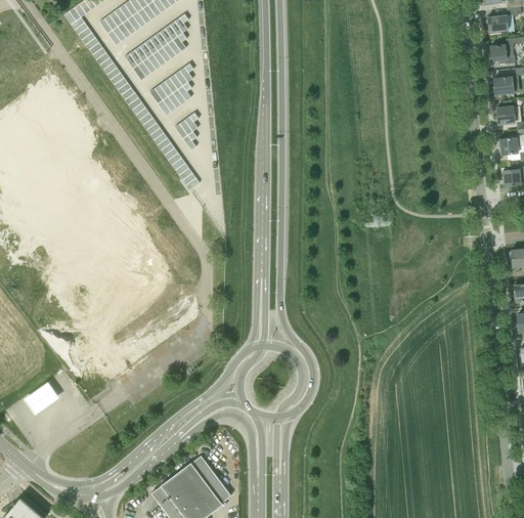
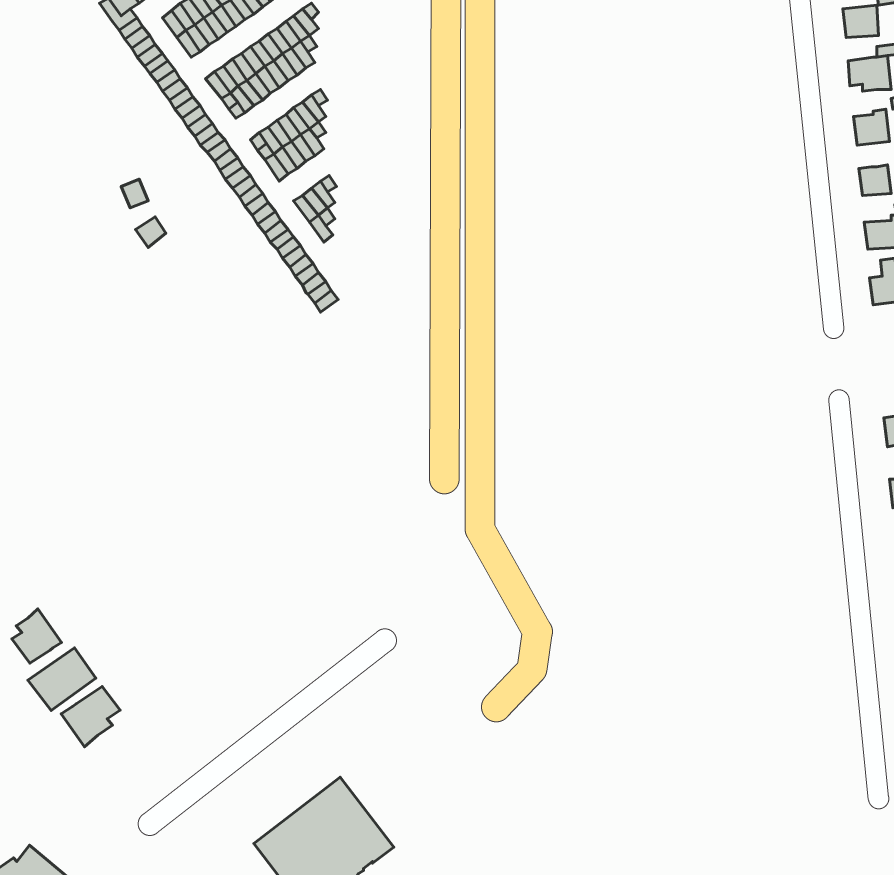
building: none -> [12,609,62,663]
building: none -> [61,687,120,747]

